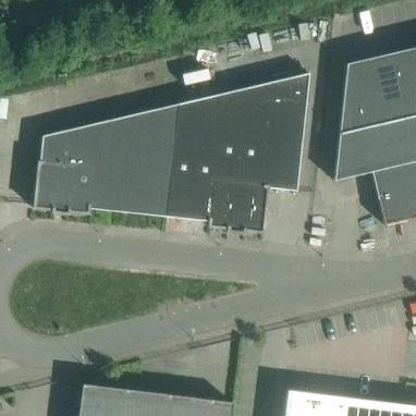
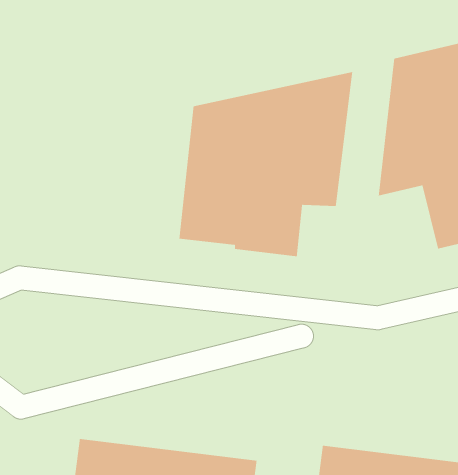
building: [34,103,179,216] -> none

